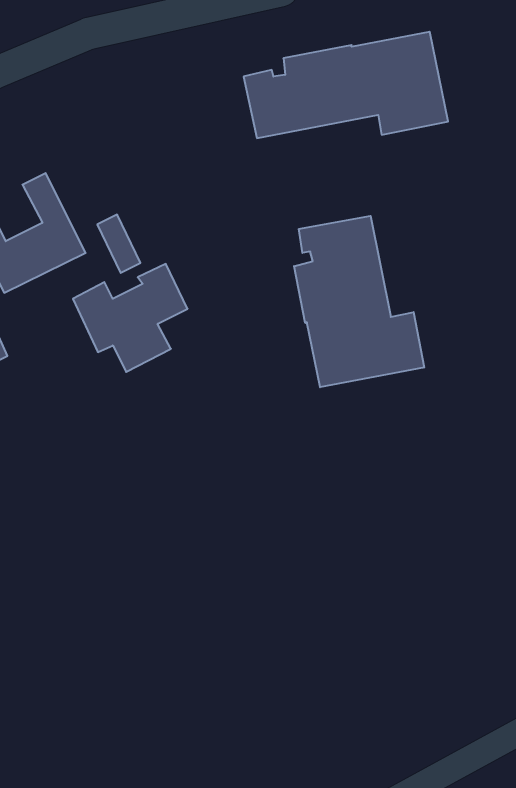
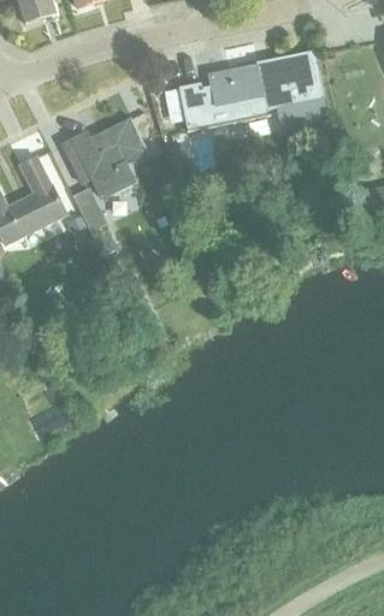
building: [294,216,424,387] -> none
building: [73,264,188,372] -> [61,117,144,195]

